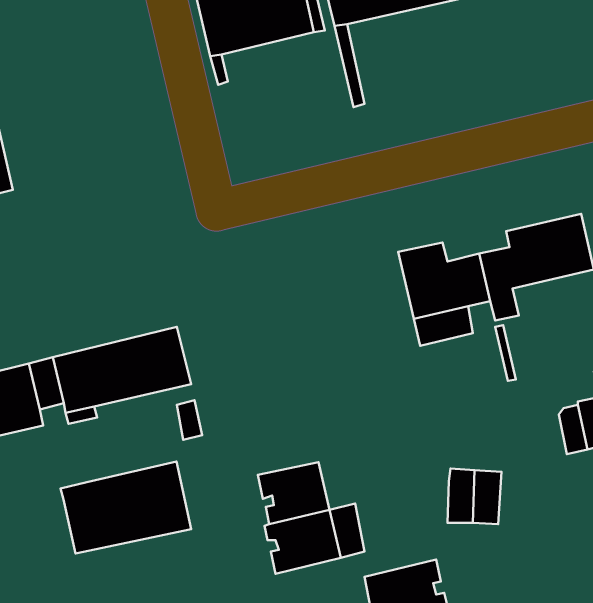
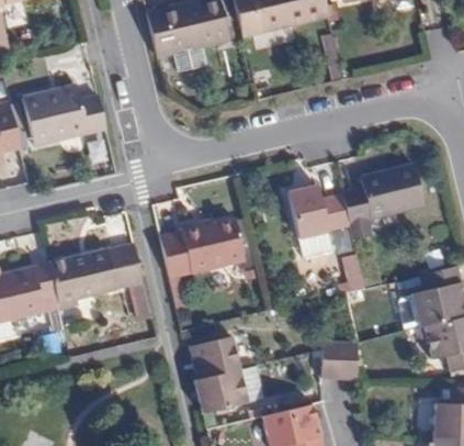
building: none -> [25,86,106,144]
building: none -> [160,220,244,276]
building: [61,462,191,554] -> none

